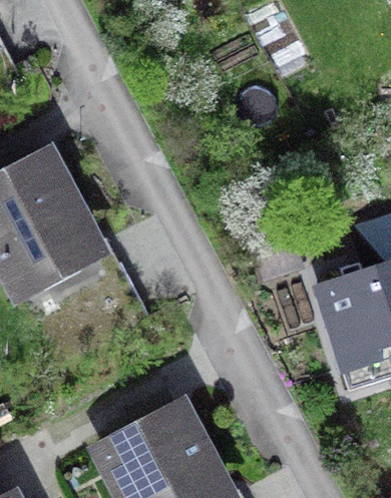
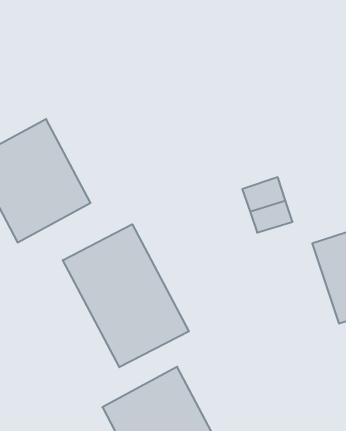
building: none -> [63,224,189,367]

